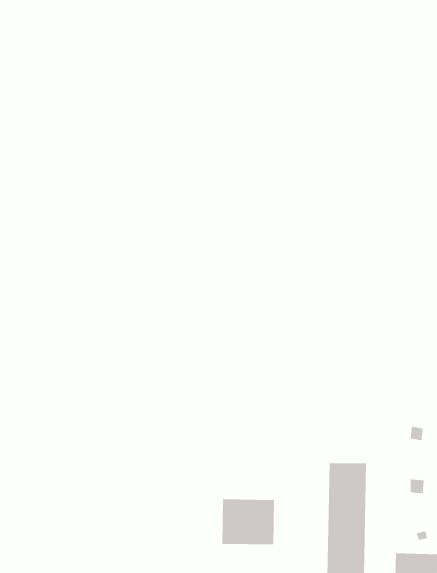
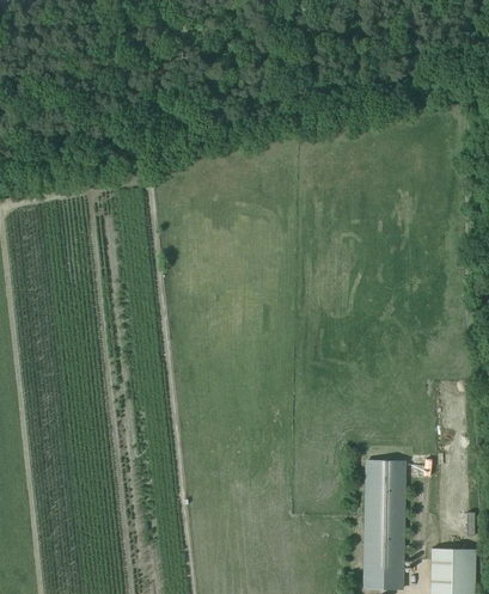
building: [222,499,275,545] -> none

